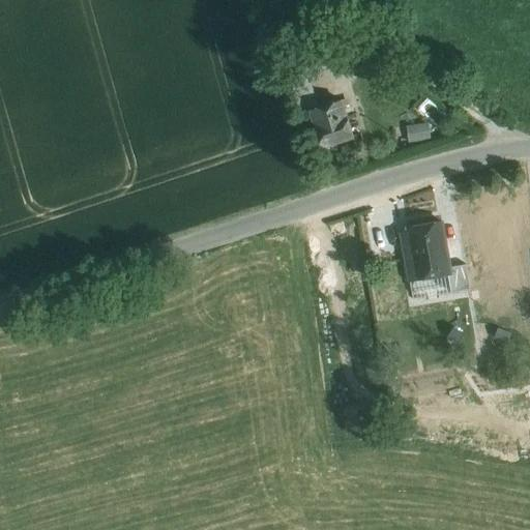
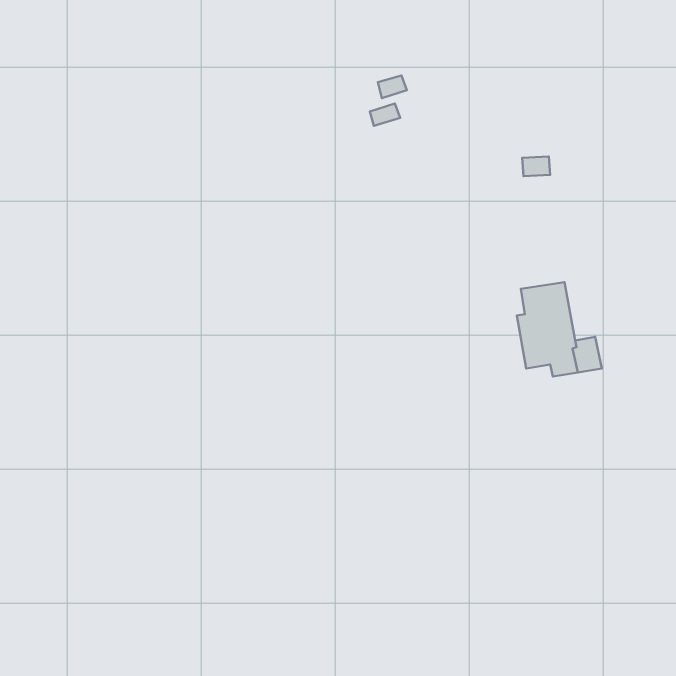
building: [310,99,353,146] -> none

